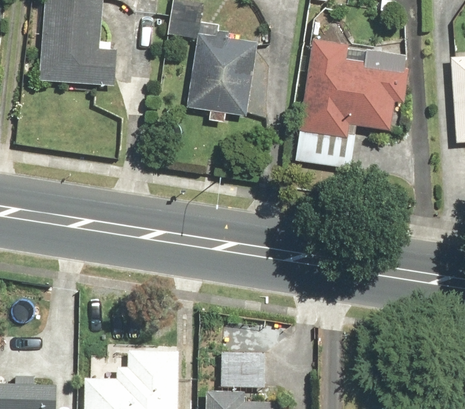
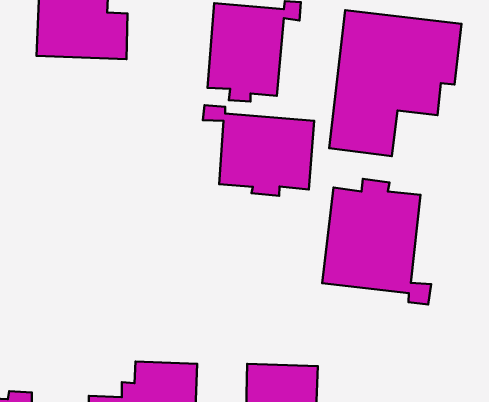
building: none -> [203,105,314,196]
building: none -> [322,179,431,305]

